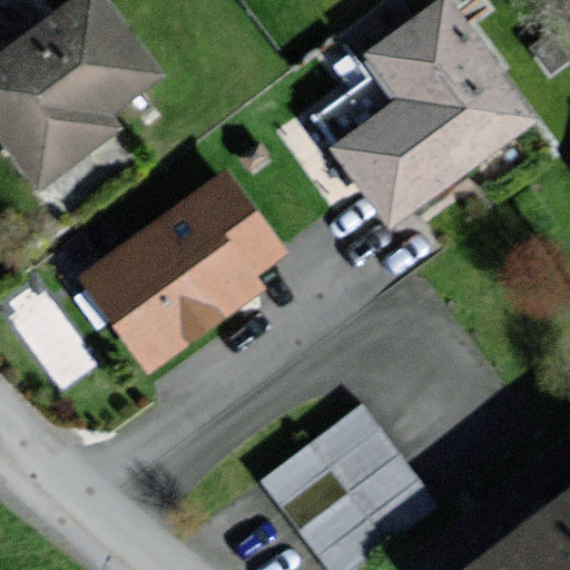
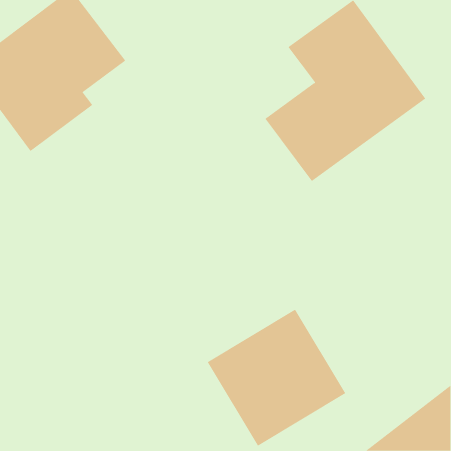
building: [79,170,291,375] -> none

